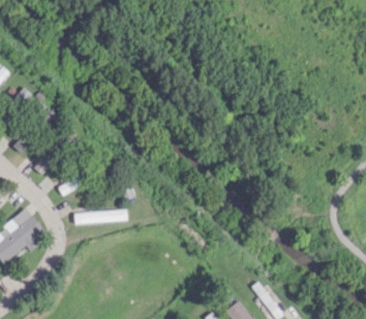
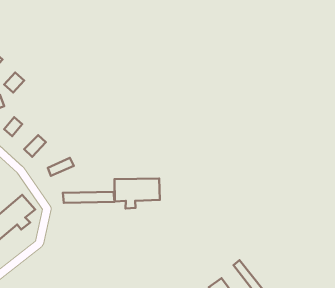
building: none -> [115,178,160,209]

